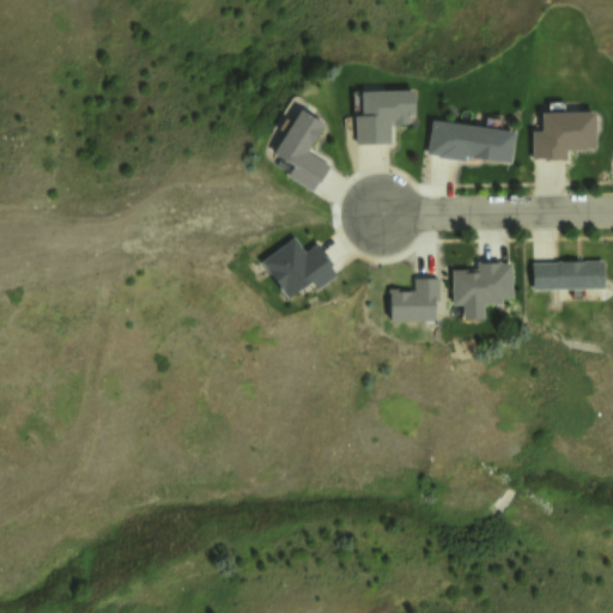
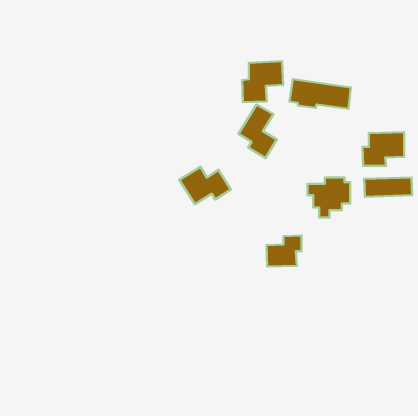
building: [274,111,330,190] -> [238,104,277,158]
building: [534,114,595,163] -> [362,132,404,166]
building: [389,278,441,323] -> [266,236,302,267]

